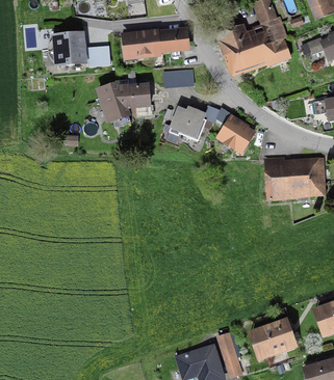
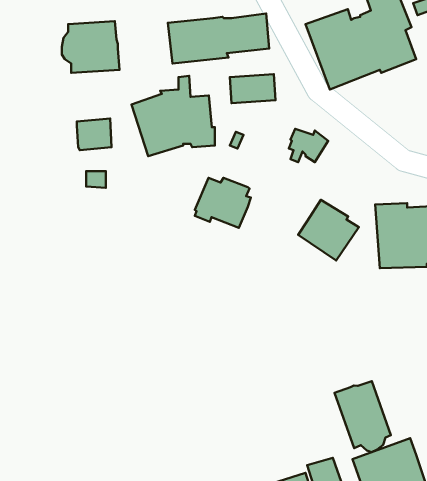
building: [86,45,110,66] -> [77,118,112,150]
building: [169,106,207,140] -> [195,178,251,228]
building: [215,113,257,155] -> [298,200,359,261]
building: none -> [334,381,391,452]

